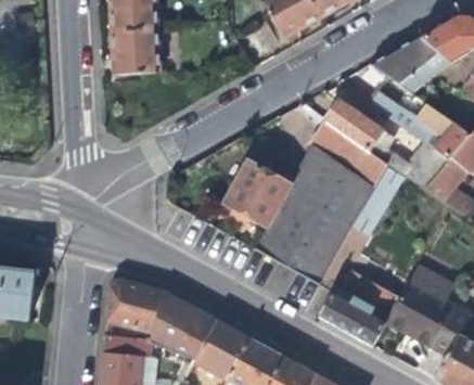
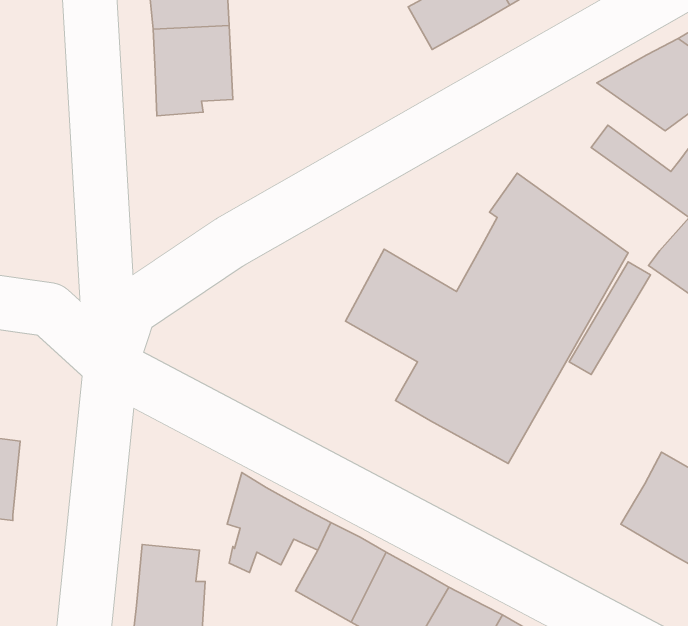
building: [325,97,409,169] -> none
building: [319,269,400,345] -> none
building: [106,279,164,335] -> none

